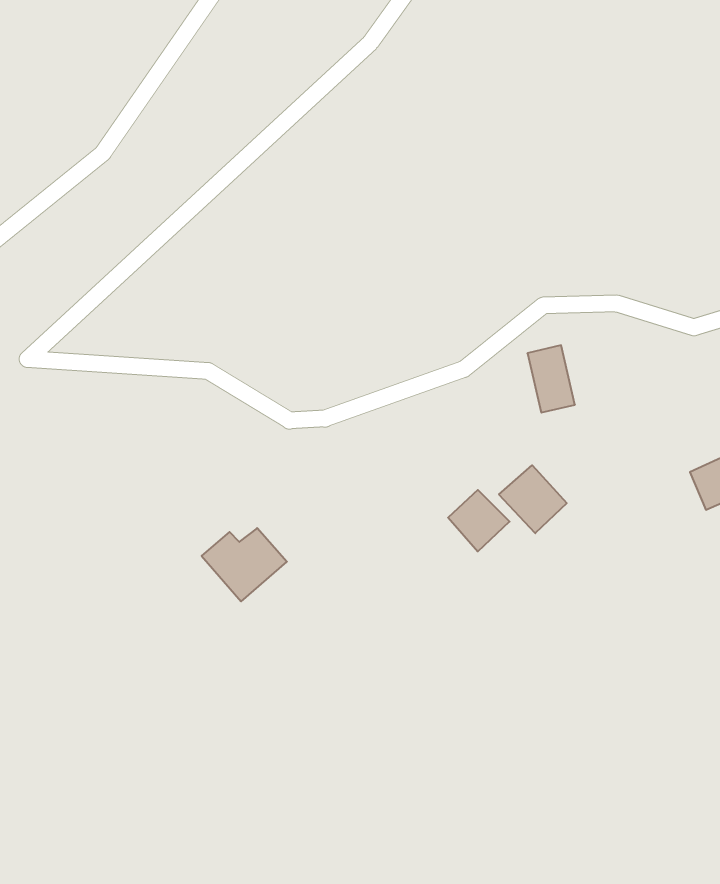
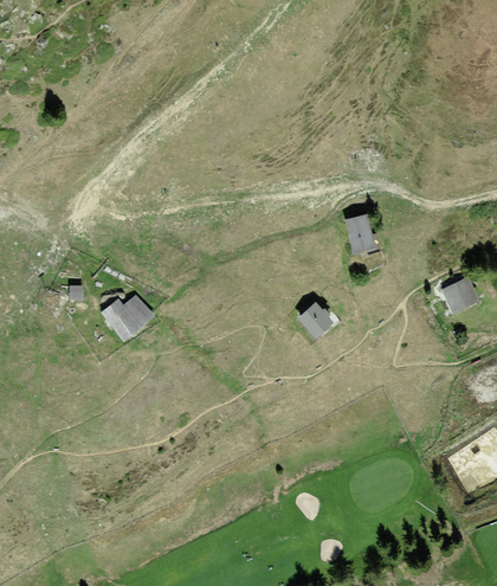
building: [499,465,567,533] -> none
building: [202,528,287,601] -> [102,297,153,341]

